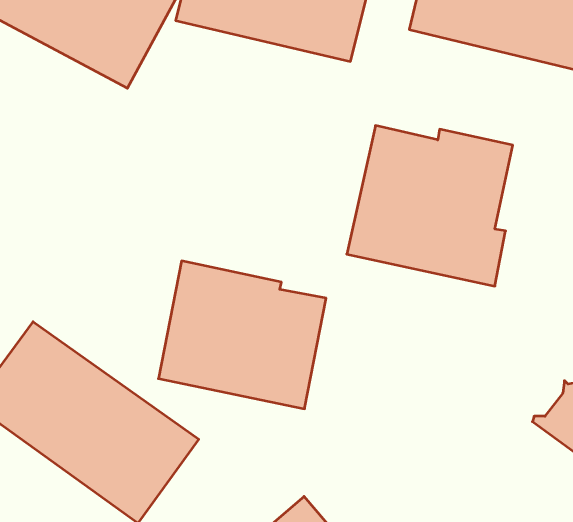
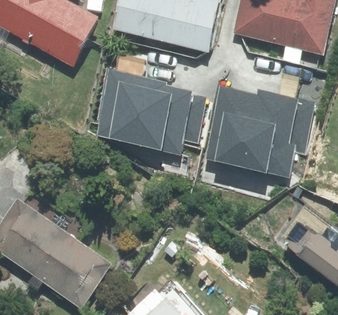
building: [158,261,326,409] -> [92,70,186,153]

